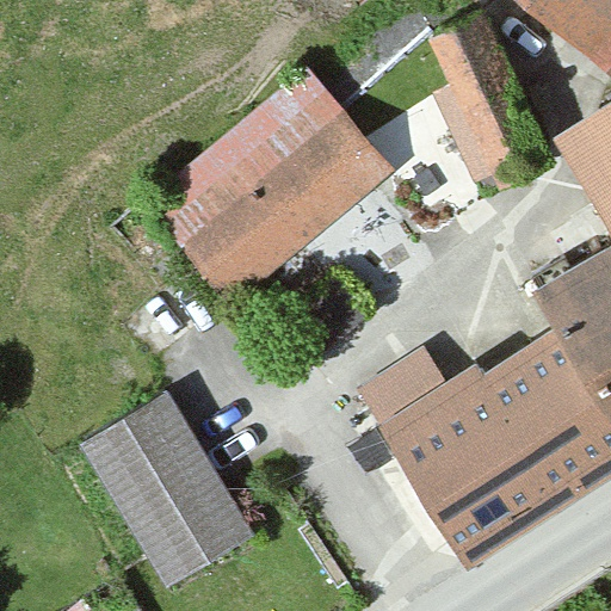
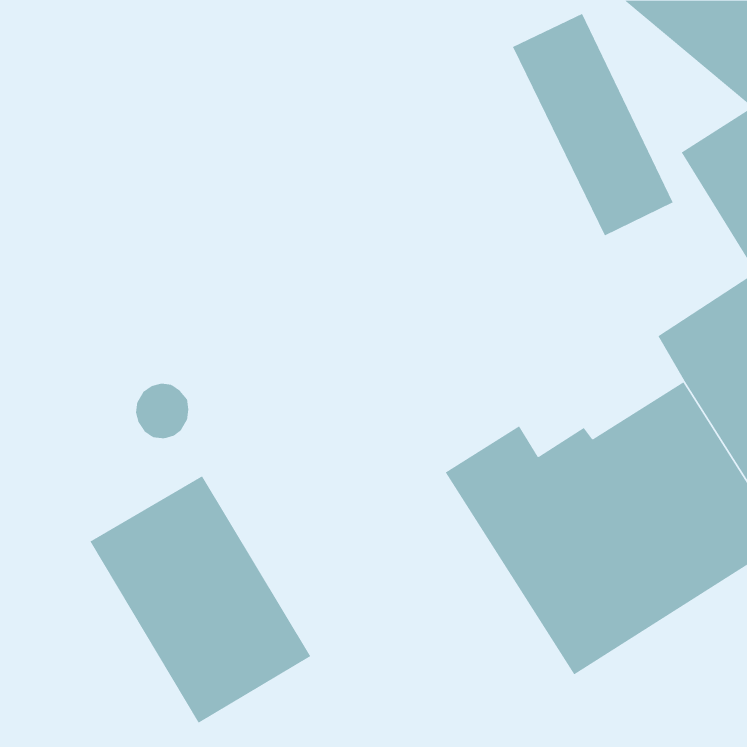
building: [144,70,395,308] -> none

